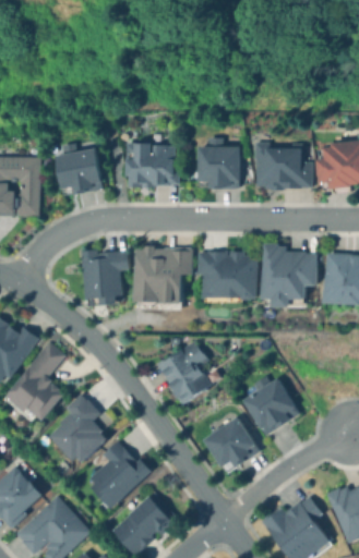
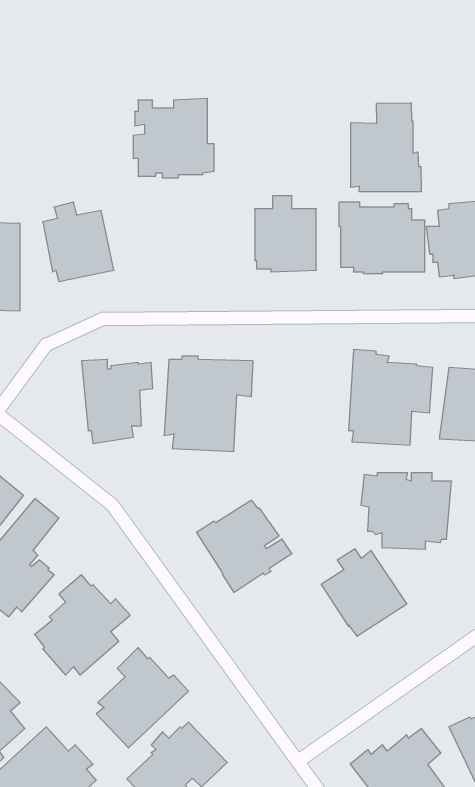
building: none -> [351,103,421,192]
building: [122,135,177,189] -> [133,98,214,178]
building: [199,253,260,304] -> [361,473,452,549]
building: [201,416,259,472] -> none

